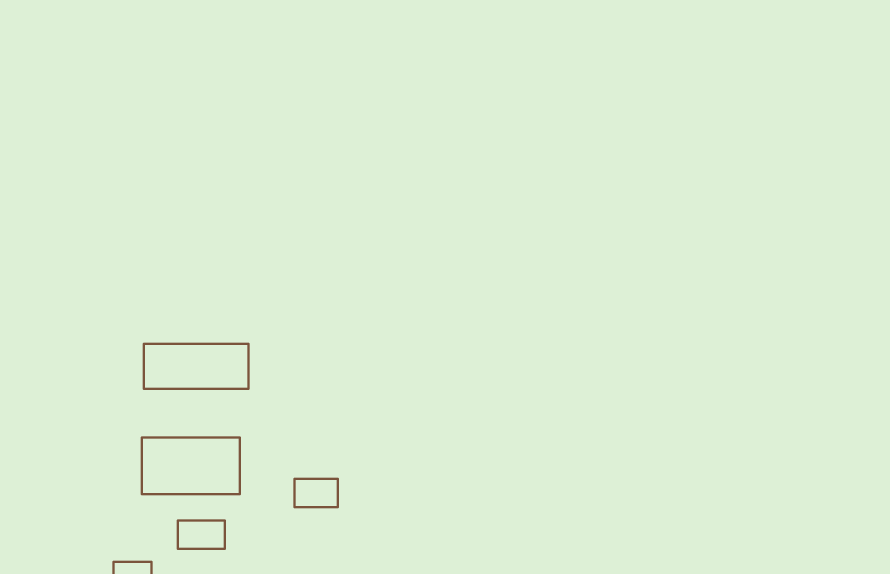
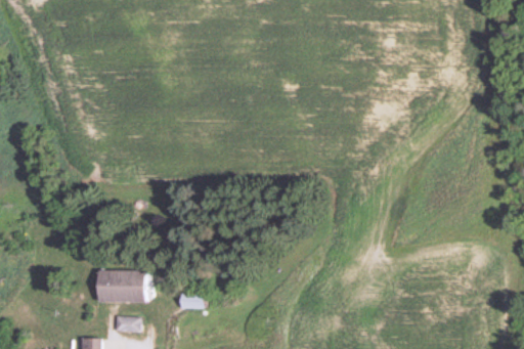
building: [144,344,248,389] -> none

